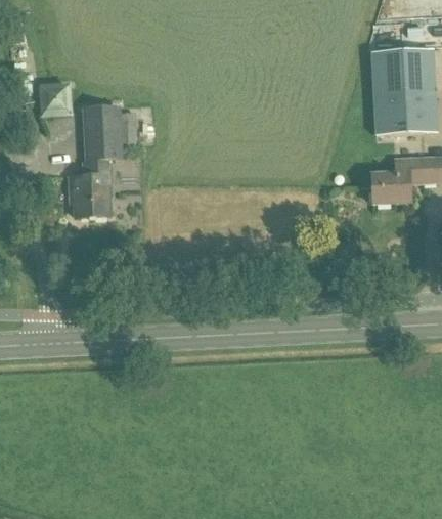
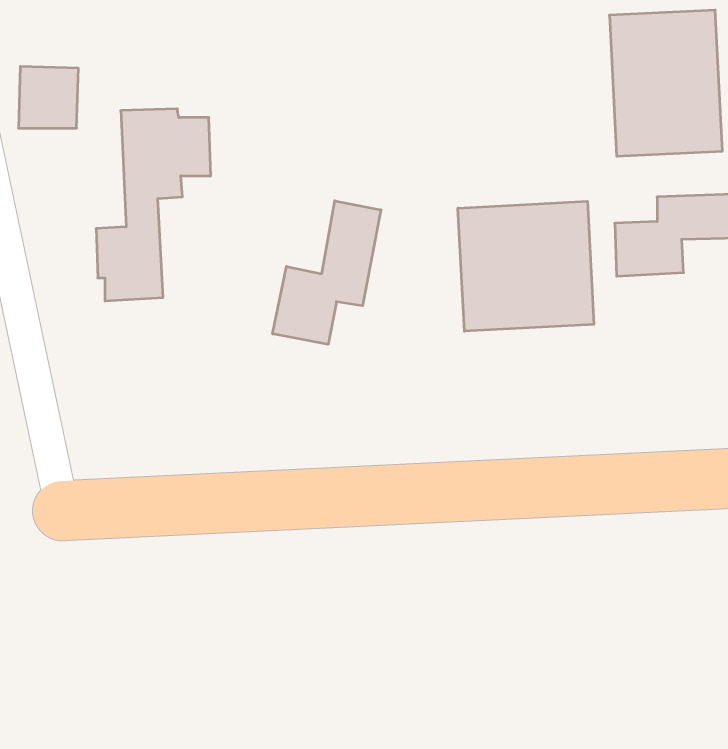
building: none -> [273,201,381,344]
building: none -> [458,201,594,331]

